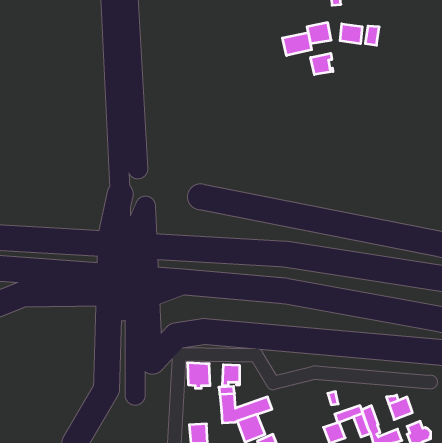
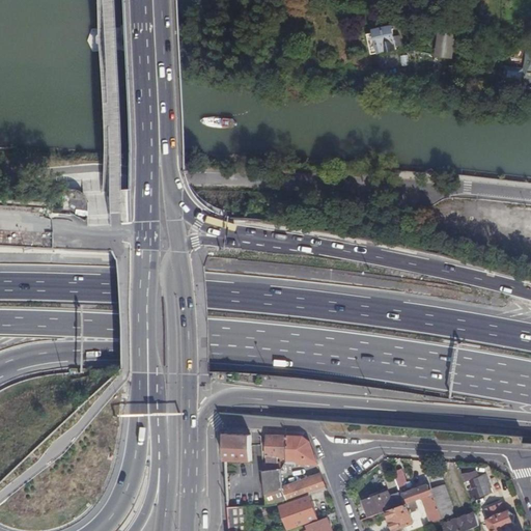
building: [340,24,362,44] -> none
building: [282,33,312,56] -> none
building: [311,53,333,75] -> none
building: none -> [285,436,315,463]
building: none -> [362,492,401,515]

